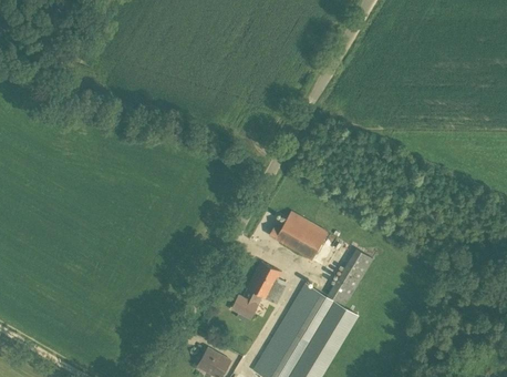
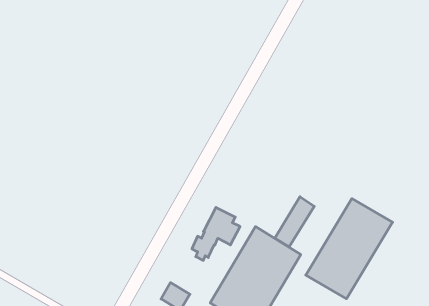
building: [267,211,327,261] -> none
building: none -> [306,199,393,299]

